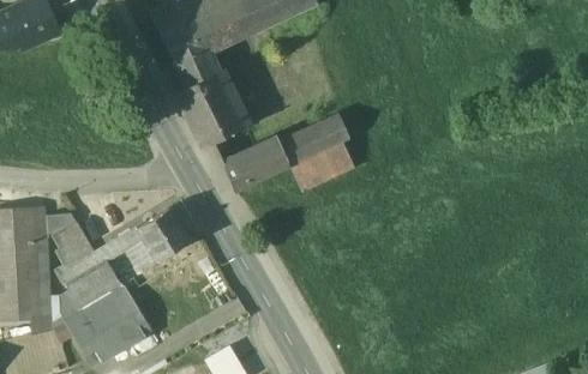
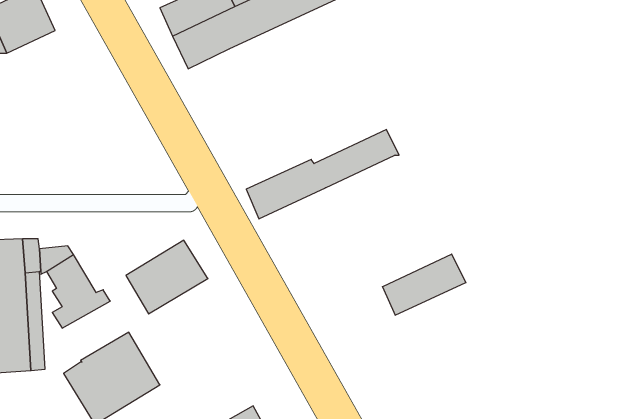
building: [172,47,245,149] -> none
building: [289,137,360,188] -> [382,254,466,315]
building: [65,260,122,312] -> none

